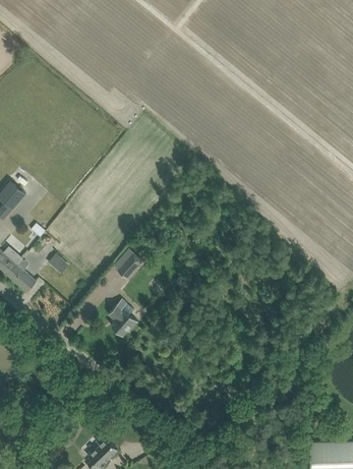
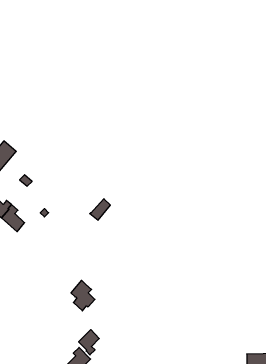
building: [109,298,138,336] -> [71,280,95,311]
building: none -> [79,330,99,355]

